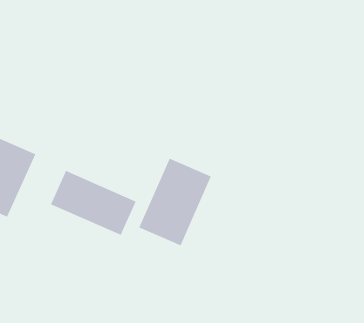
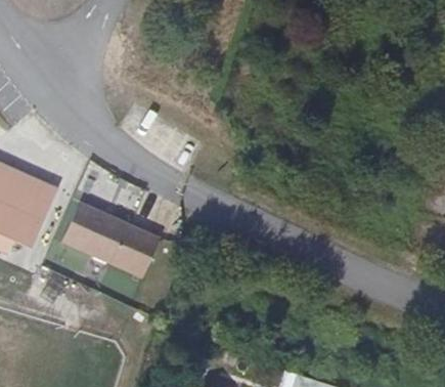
building: [139,158,212,246] -> none

